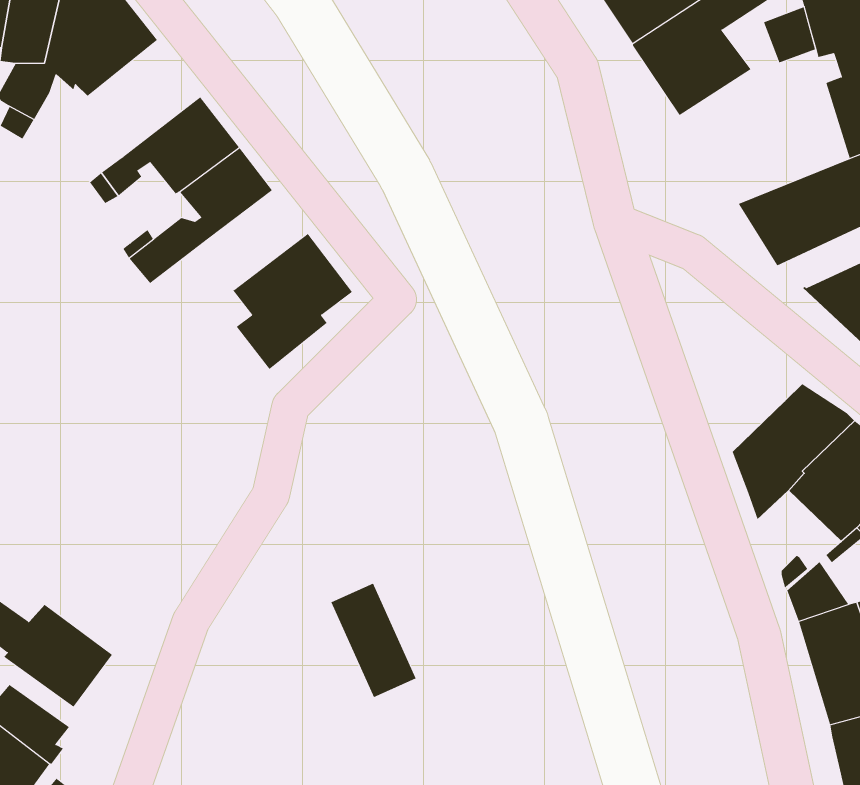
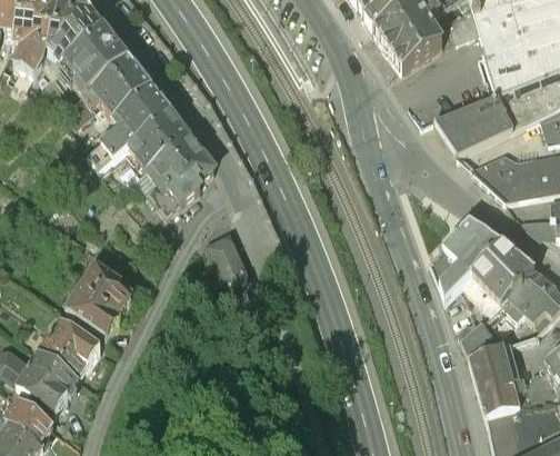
building: none -> [63,24,128,91]
building: none -> [132,110,189,167]
building: none -> [66,261,131,334]
building: none -> [39,315,101,375]
building: [330,583,416,698] -> [206,230,254,296]

